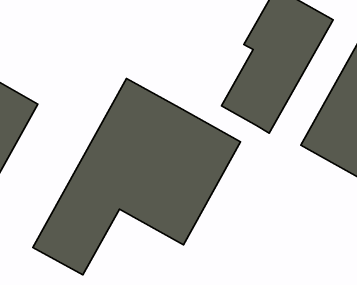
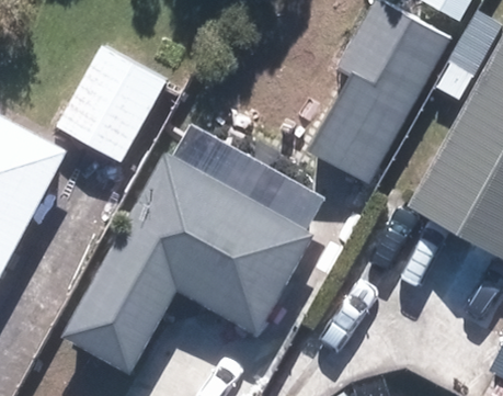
building: none -> [57,48,165,162]

